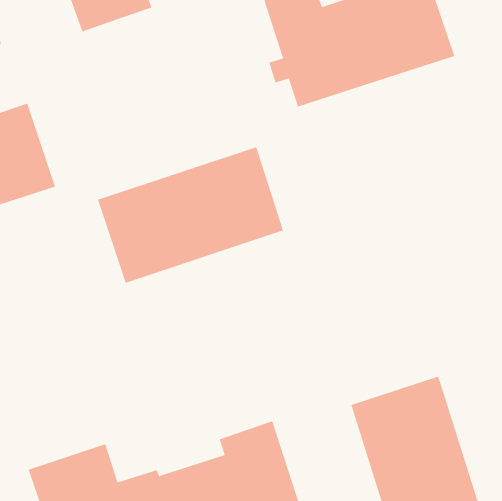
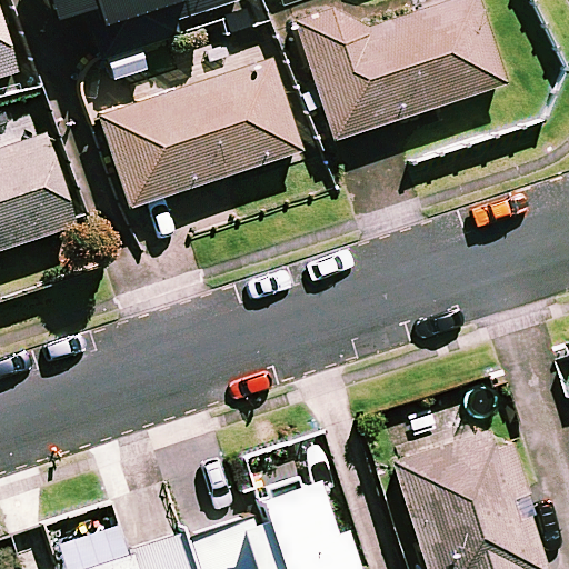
building: [97,147,284,284] -> [102,60,302,207]

